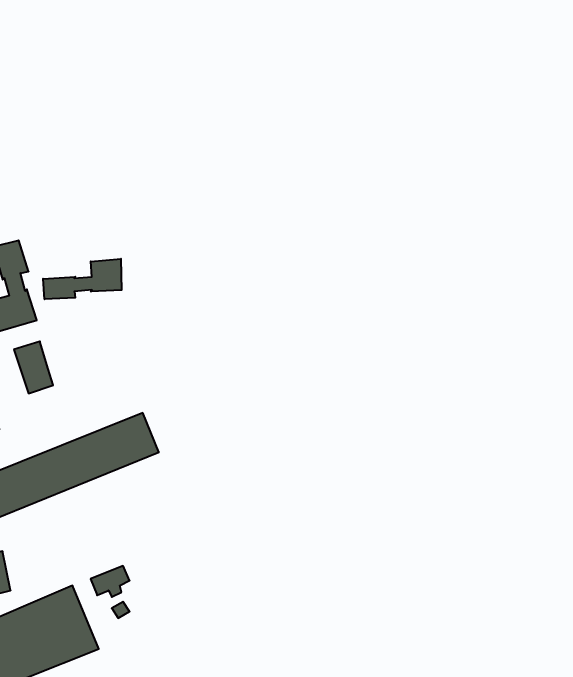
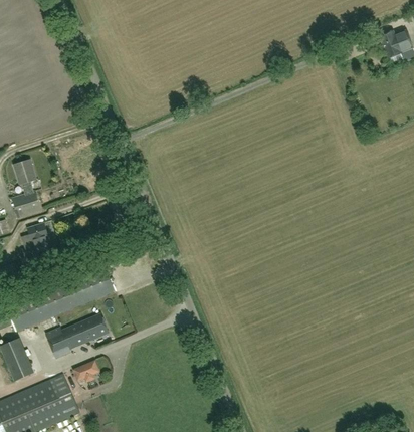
building: [43,259,122,299] -> none
building: none -> [46,313,109,358]

